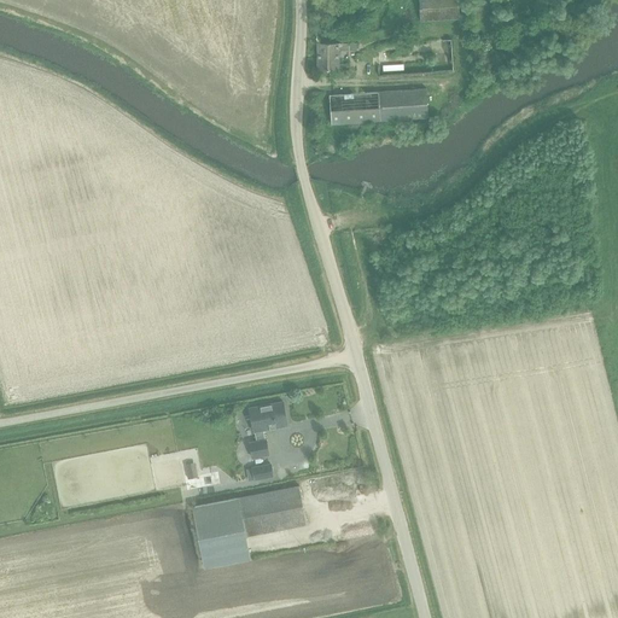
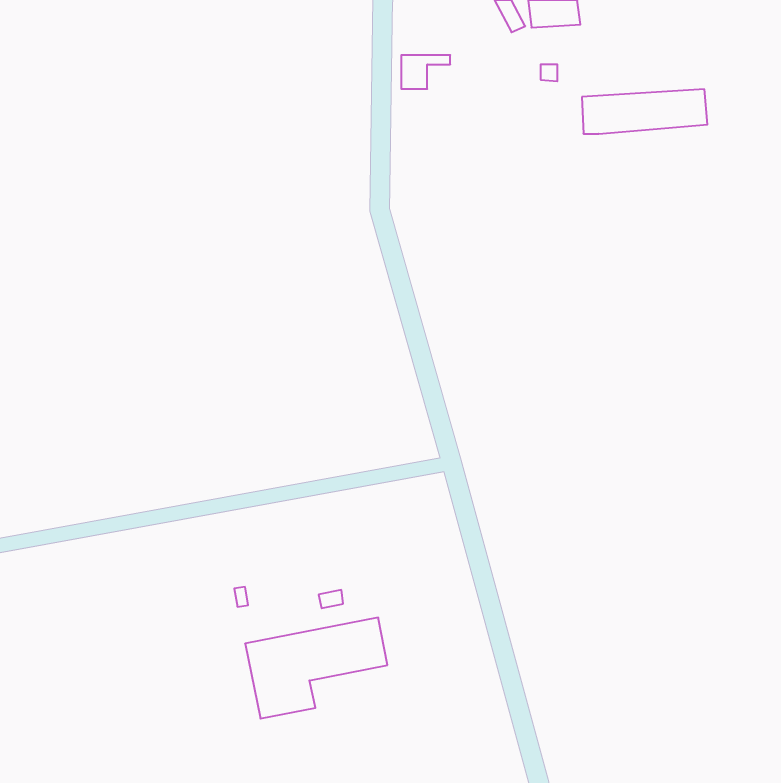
building: [328,89,427,124] -> [582,89,707,134]
building: [249,402,286,459] -> none

